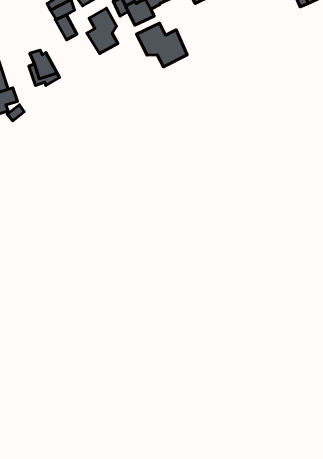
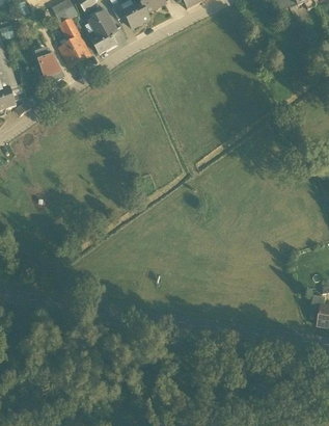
building: [136,23,187,67] -> none
building: none -> [58,35,89,65]

